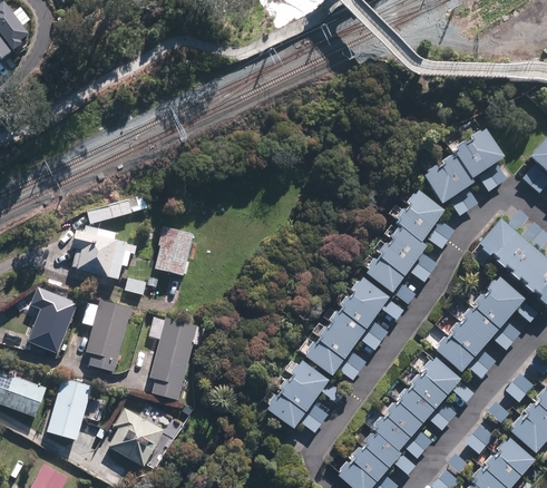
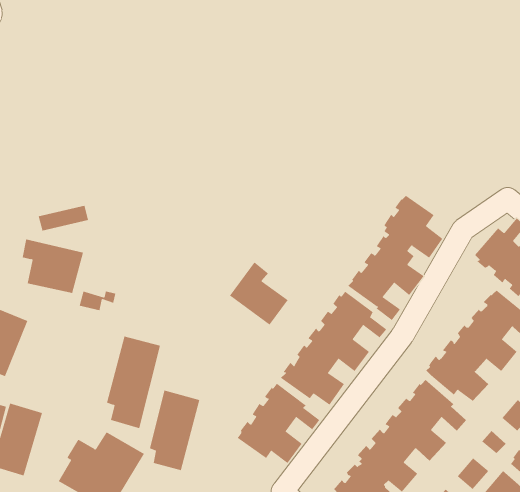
building: [423,128,505,214] -> none
building: [155,226,195,275] -> none
building: none -> [229,261,288,325]
building: [87,299,133,371] -> [149,390,200,471]

